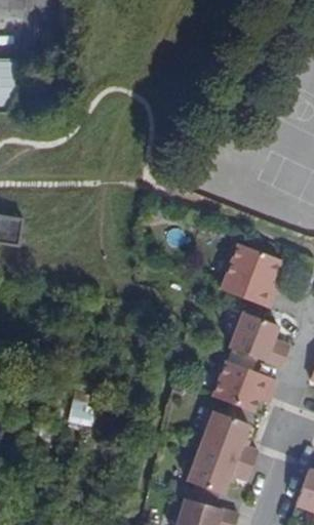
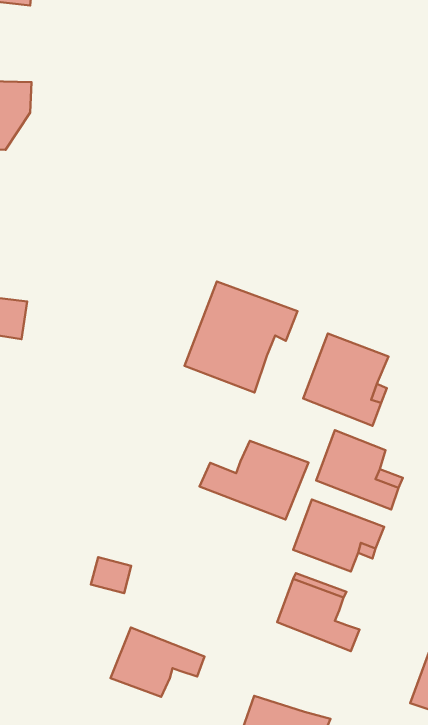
building: none -> [184,282,298,392]
building: none -> [200,441,308,520]
building: [186,447,252,496] -> [110,628,204,697]

